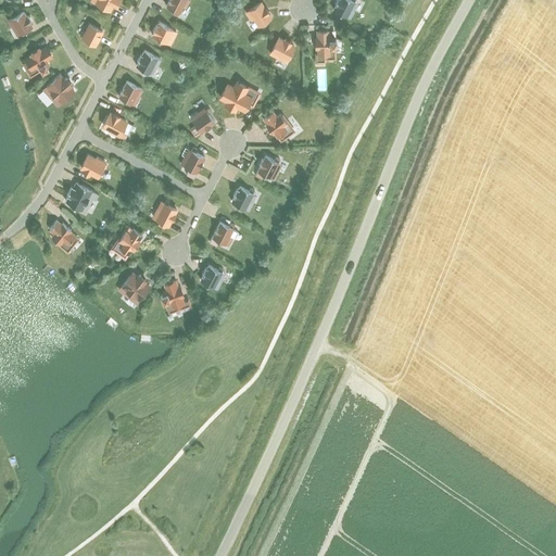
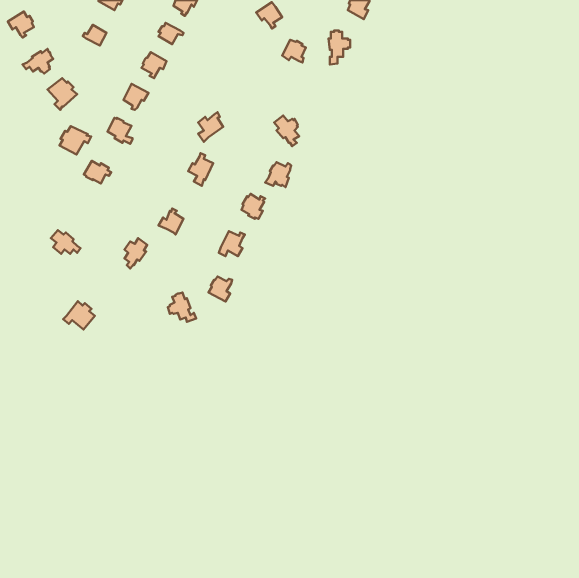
building: [219,81,255,111] -> none
building: [65,184,96,211] -> [59,126,91,155]
building: [118,273,149,300] -> [63,301,95,329]

